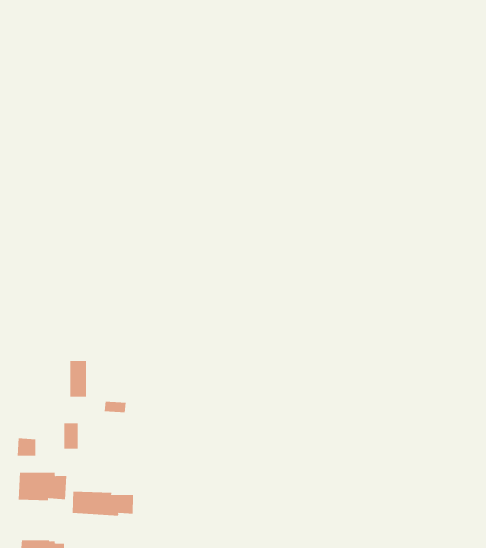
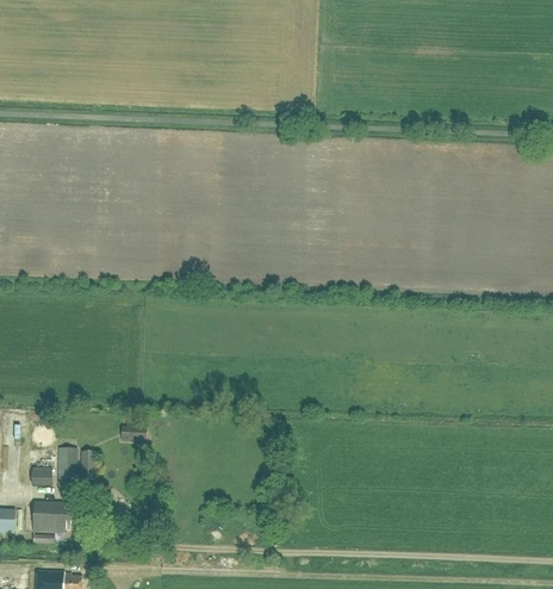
building: [70,361,87,397] -> [57,447,75,485]
building: [72,491,134,516] -> none

